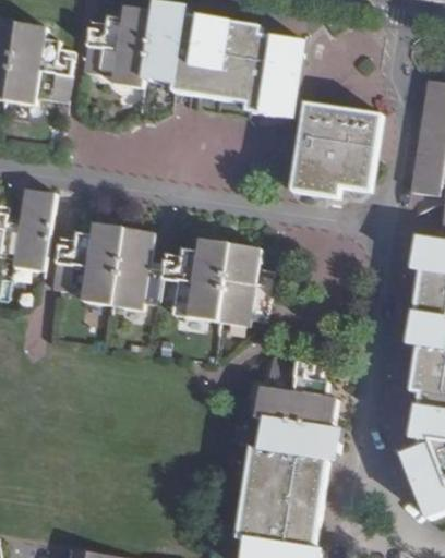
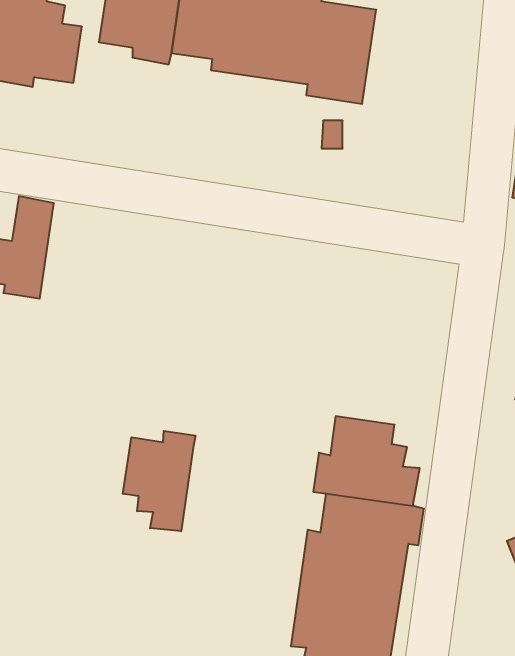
building: [296,105,382,196] -> none
building: [55,222,269,324] -> none
building: none -> [123,431,195,531]

